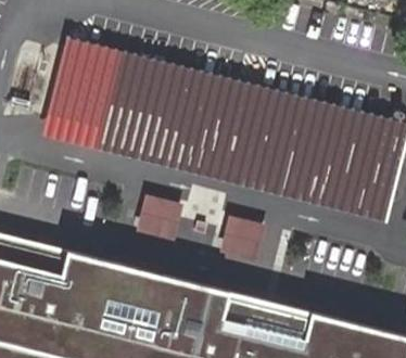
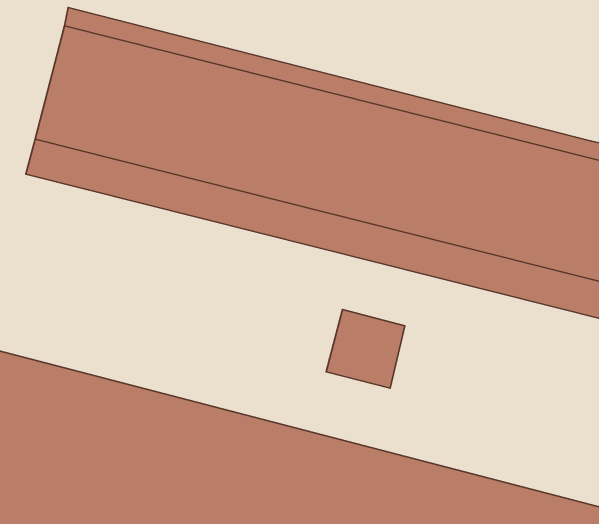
building: [138,194,186,241] -> none

